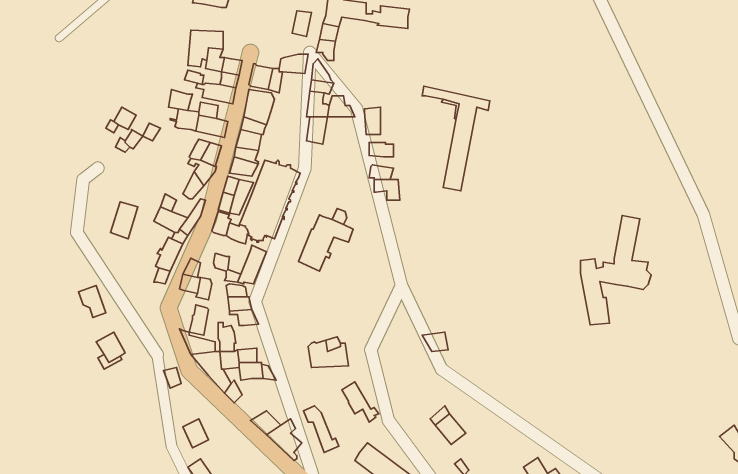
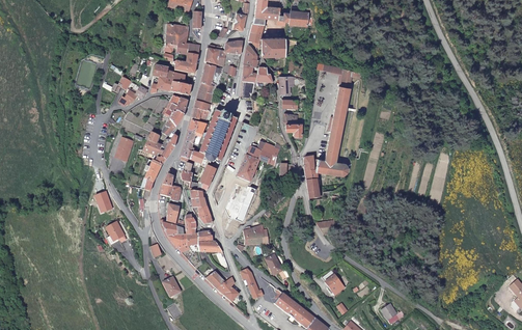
building: none -> [262,37,285,56]
building: [581,216,651,325] -> [303,128,349,198]

